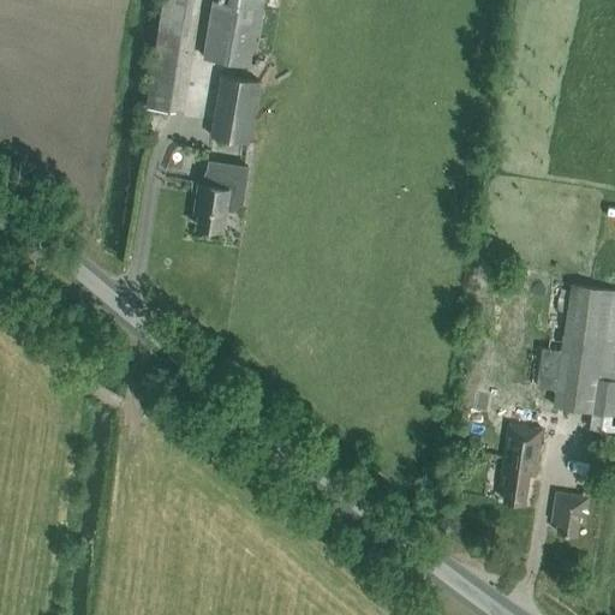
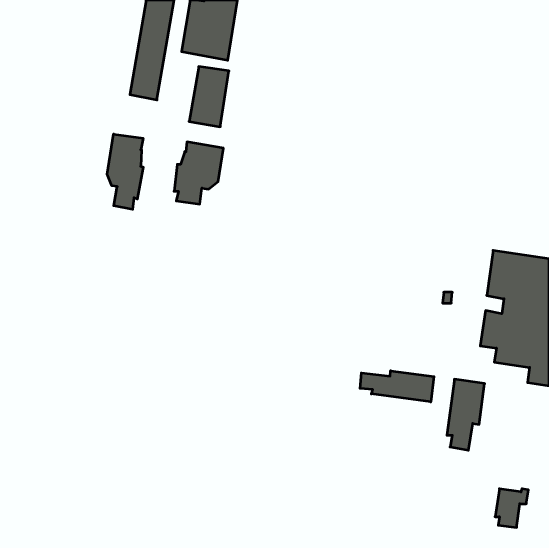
building: none -> [107,134,143,209]
building: none -> [360,371,434,402]
building: [553,492,590,536] -> [495,489,528,527]

